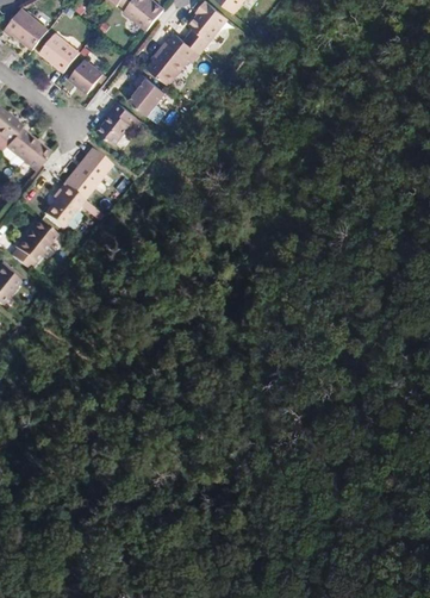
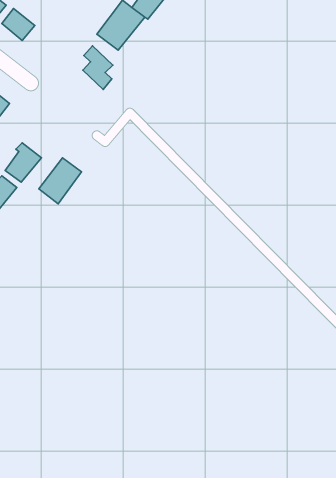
building: [69,60,102,93] -> none
building: [98,105,136,149] -> none
building: [63,150,111,201] -> [39,158,82,204]

